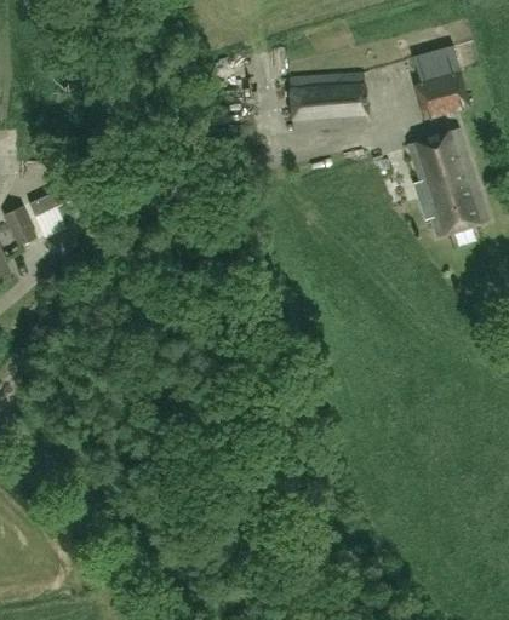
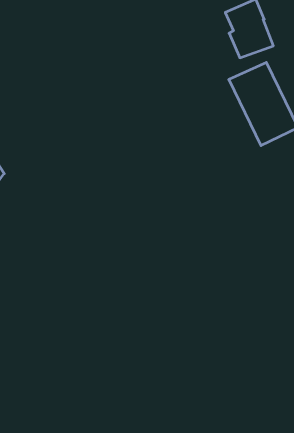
building: [288,71,367,131] -> none

